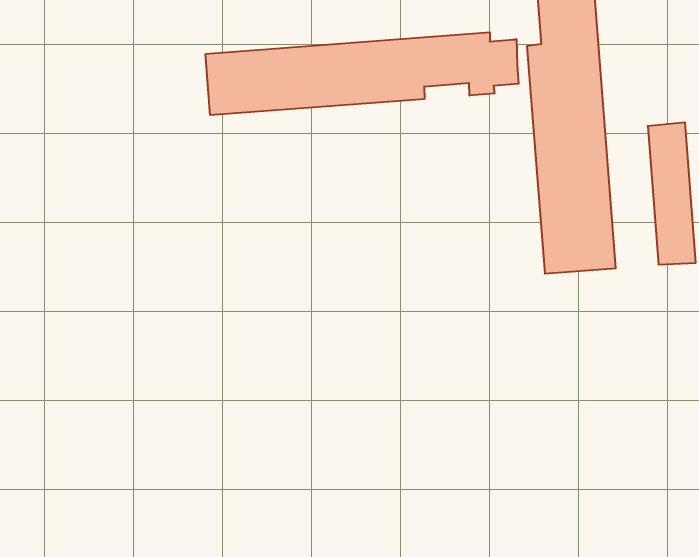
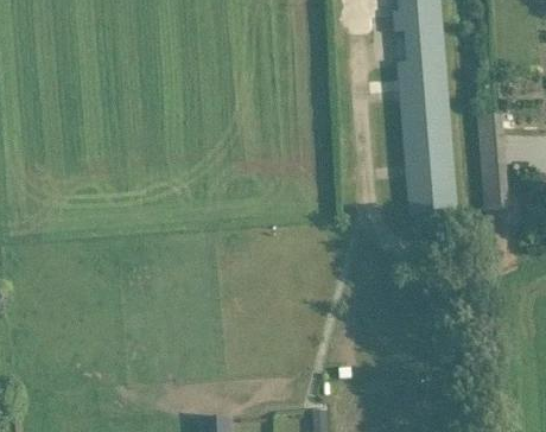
building: [206,32,518,115] -> none

